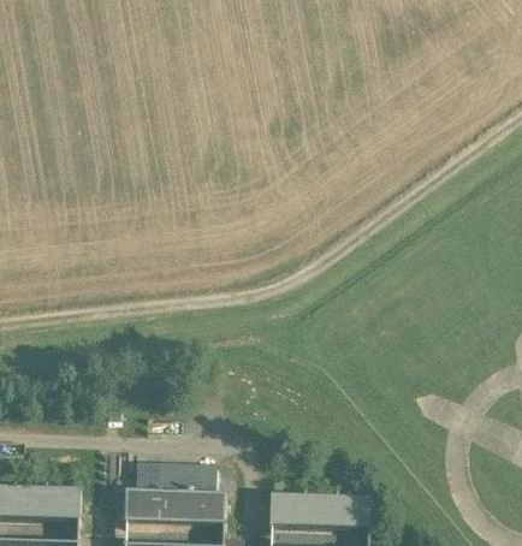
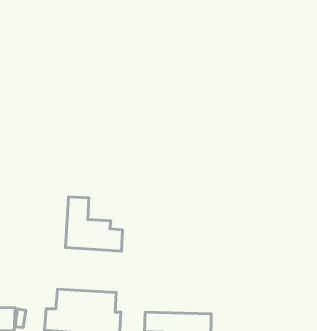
building: none -> [66,197,123,251]

